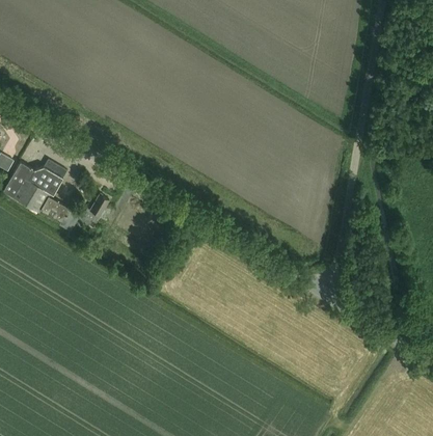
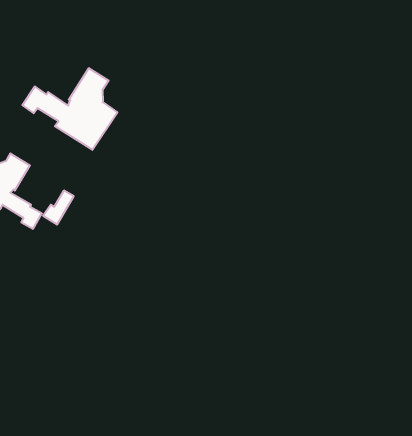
building: none -> [22,68,117,150]

